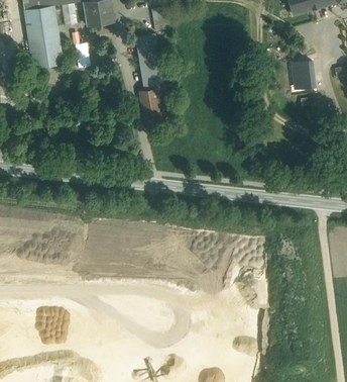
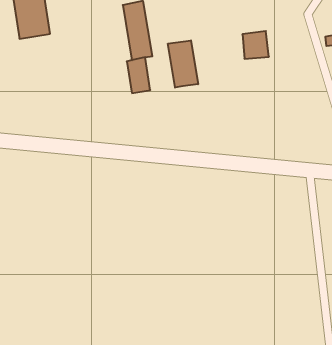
building: [288,61,315,88] -> [242,31,269,59]
building: none -> [168,40,198,88]

